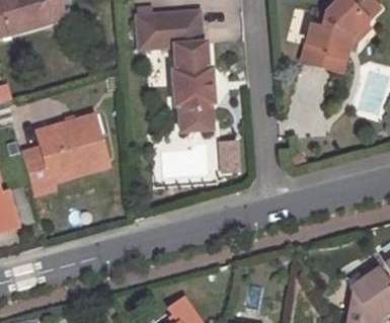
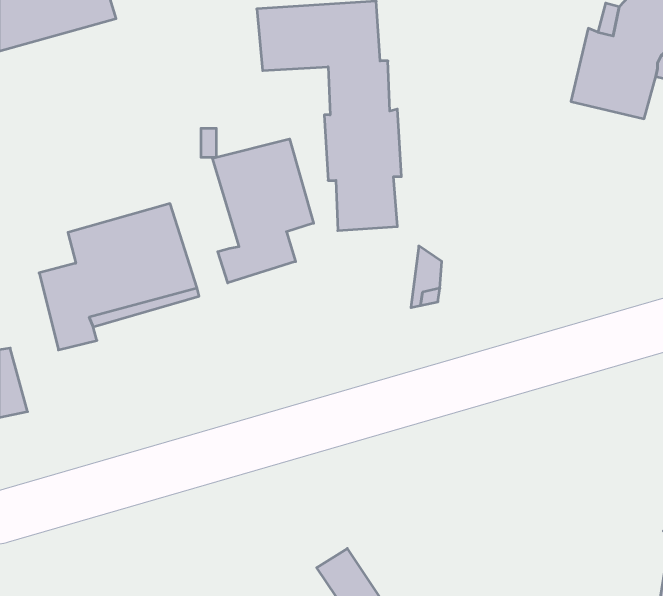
building: none -> [213,139,314,283]

